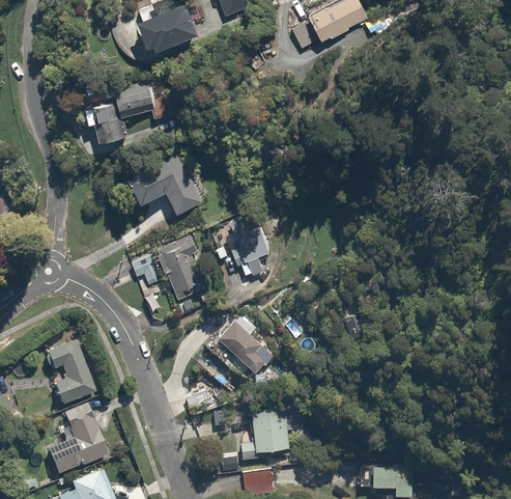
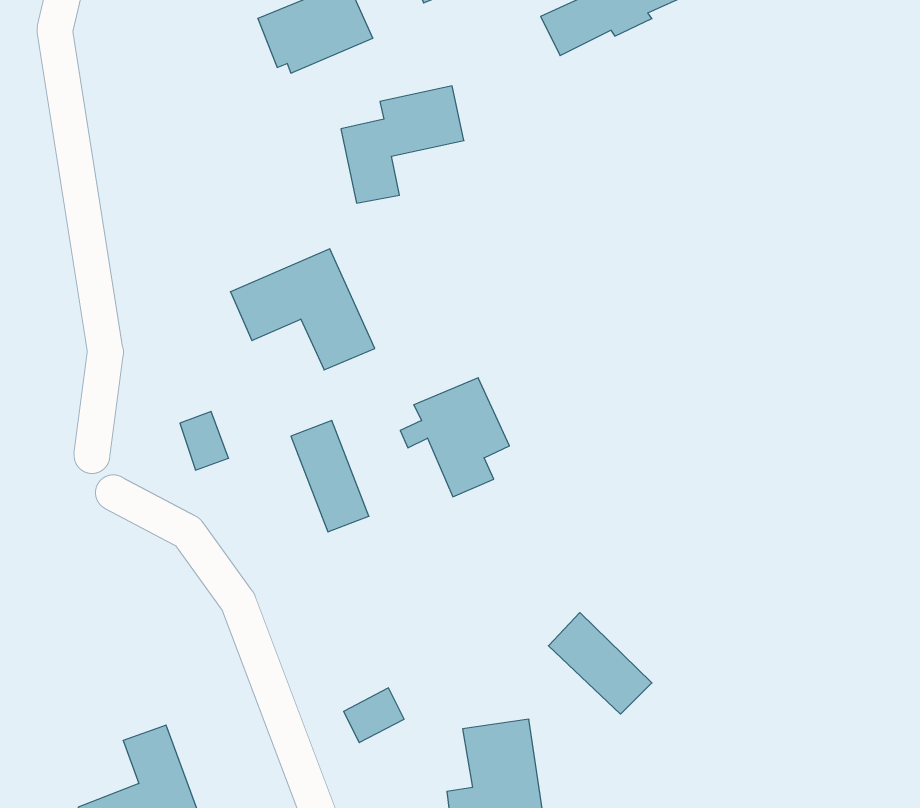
building: [90,81,155,143] -> [341,86,464,203]
building: [132,256,158,287] -> [180,411,229,470]
building: [218,321,273,375] -> [548,613,652,714]
building: [51,344,100,410] -> none

